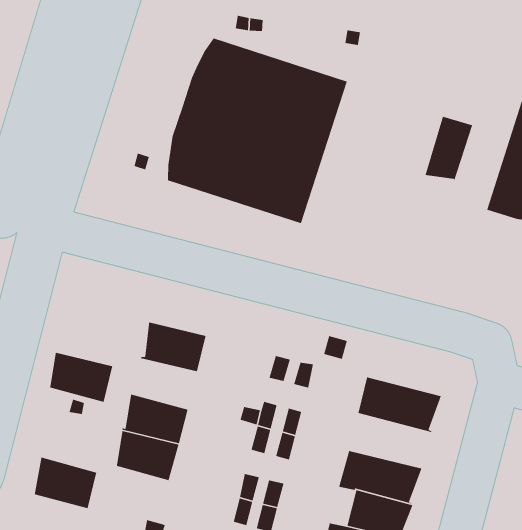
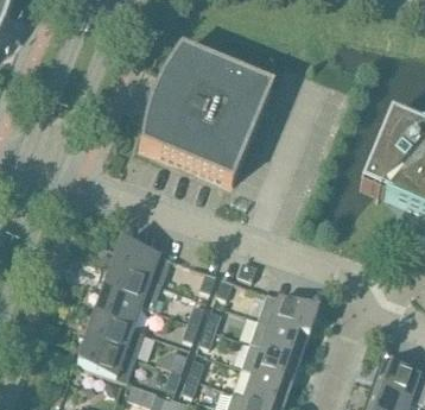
building: [425,115,473,184] -> none
building: [46,352,113,403] -> [104,263,152,301]
building: none -> [252,314,310,355]
building: [34,456,97,509] -> [81,335,126,374]

